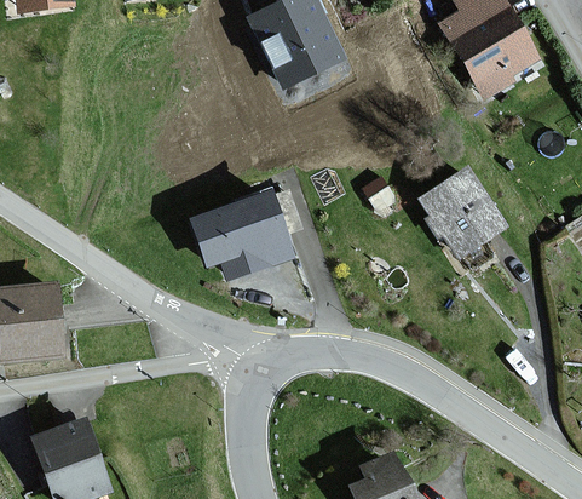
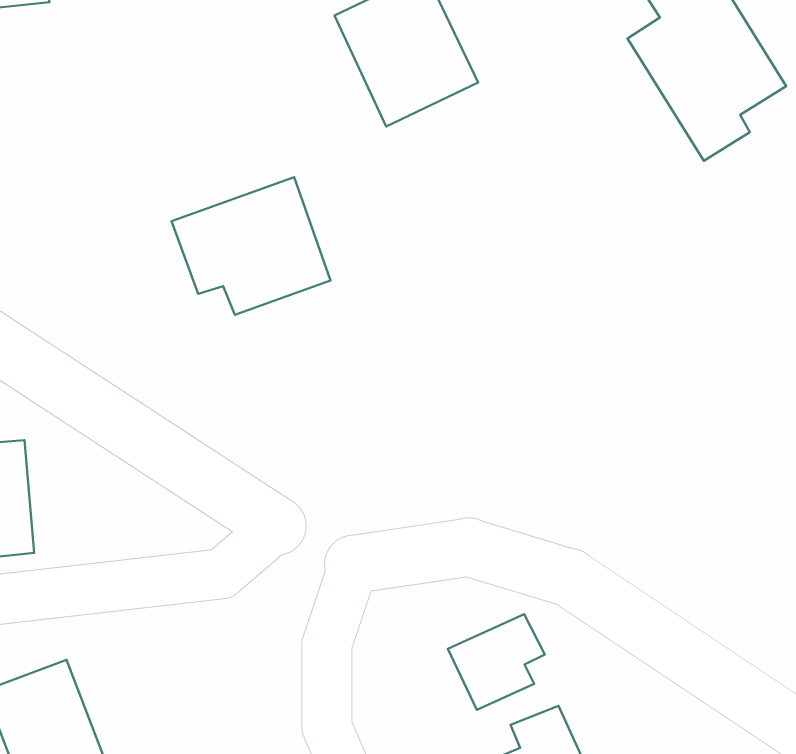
building: [416,167,501,257] -> none
building: [189,191,289,279] -> [172,177,330,315]
building: none -> [448,614,545,710]

